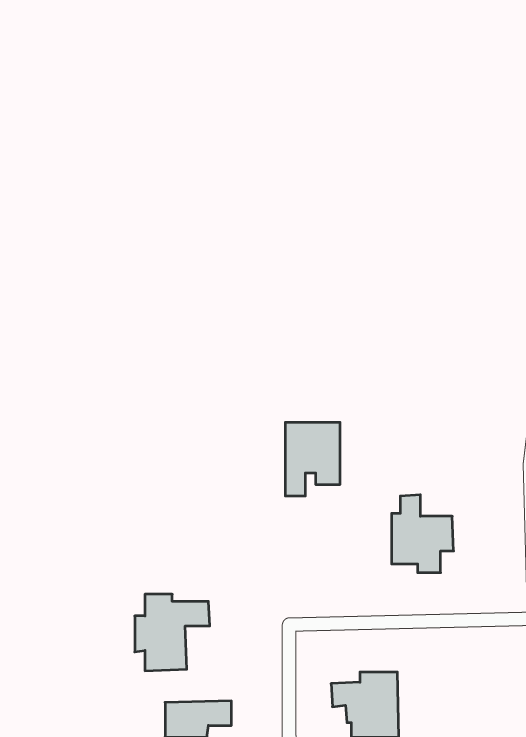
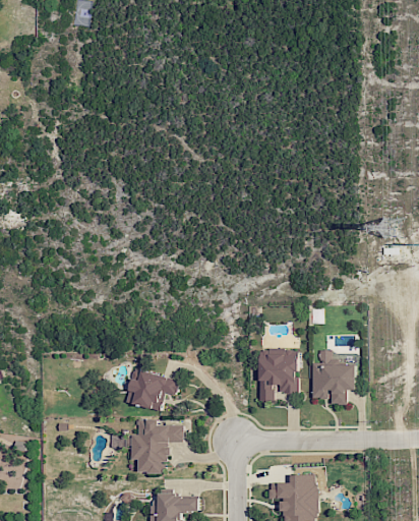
building: [285,422,340,496] -> [258,349,297,401]
building: none -> [125,368,180,410]

